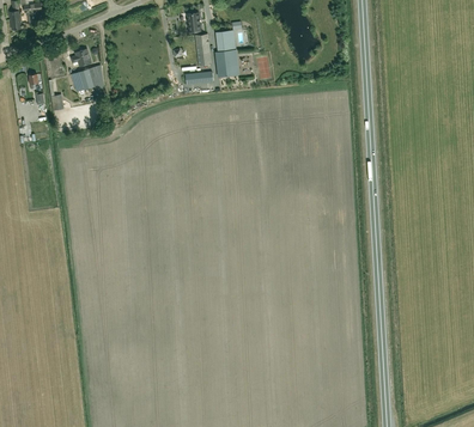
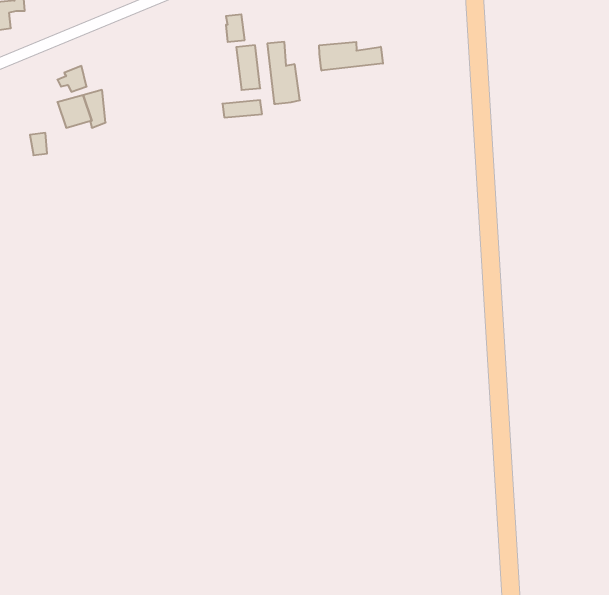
building: none -> [319,42,383,71]

